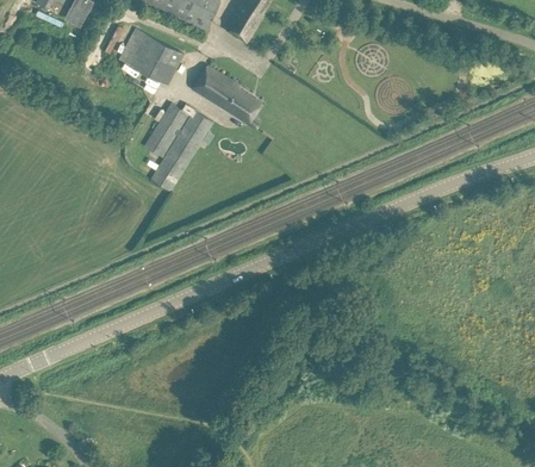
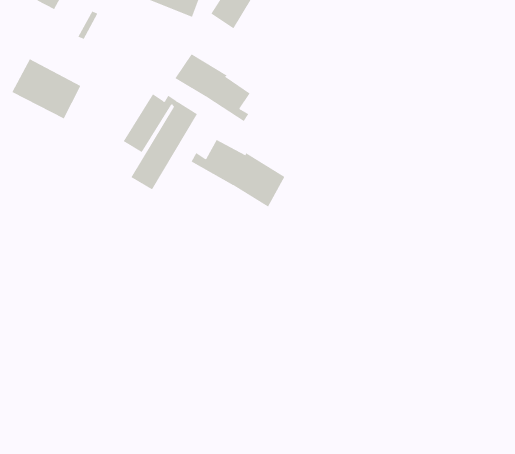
building: [119,27,183,83] -> [11,59,81,119]
building: none -> [191,139,285,208]

